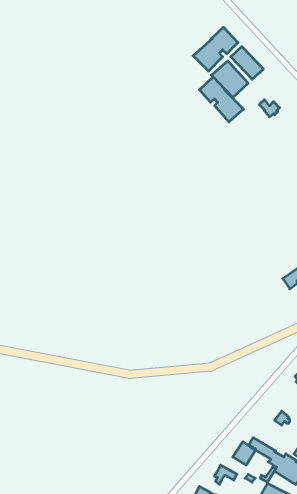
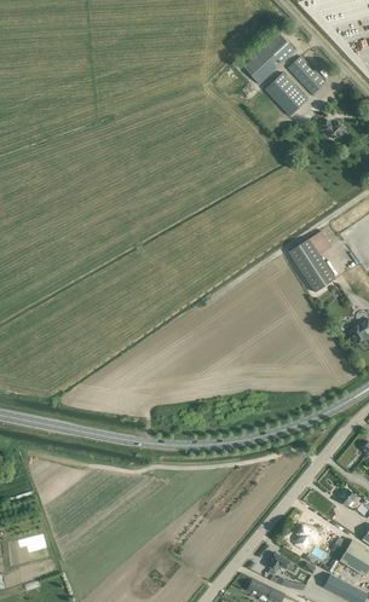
building: [199,77,244,122] -> none
building: none -> [288,230,336,293]

